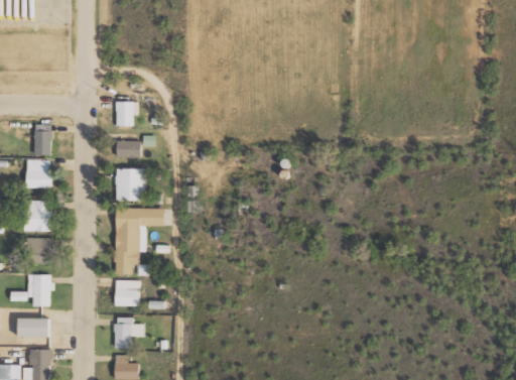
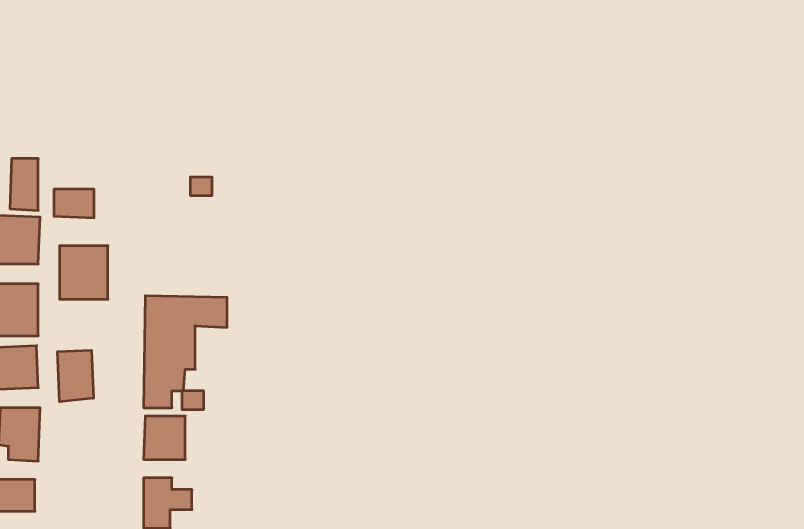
building: [115,102,138,126] -> none
building: [116,141,140,158] -> [54,189,94,218]
building: [115,168,144,201] -> [60,246,108,299]
building: none -> [58,350,93,402]

